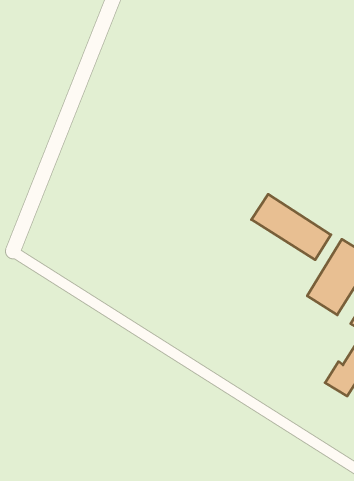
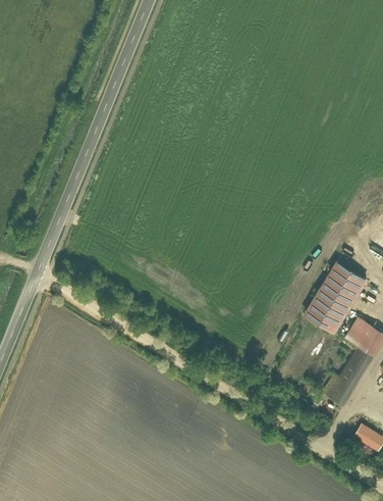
building: [251,194,331,260] -> none

